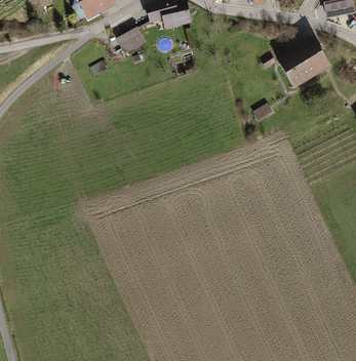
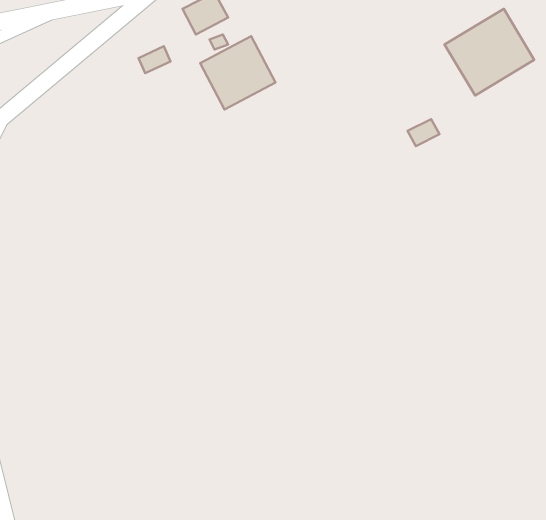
building: none -> [200,36,276,109]

